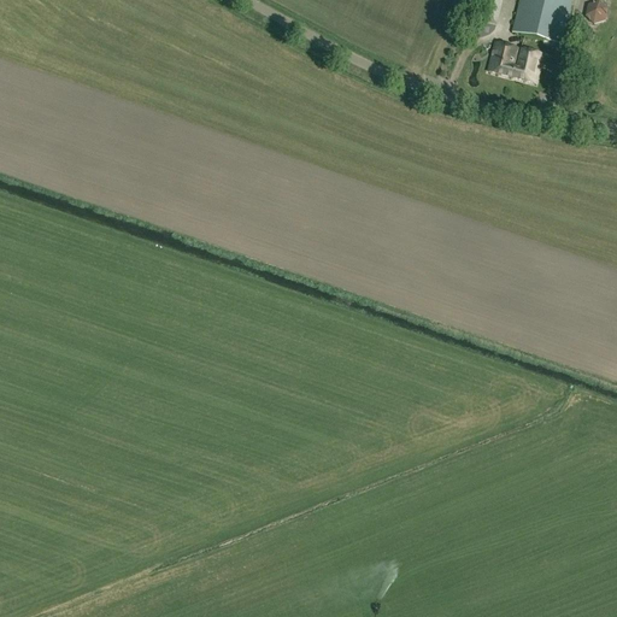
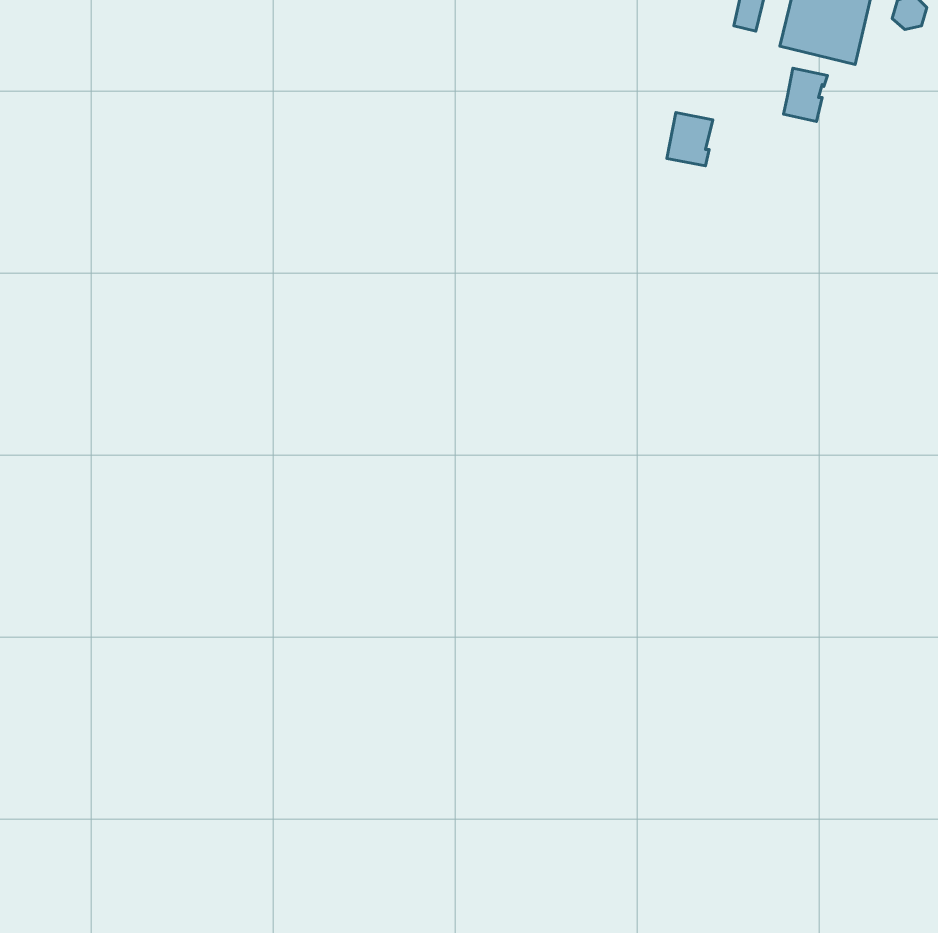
building: [488,40,518,75] -> [667,113,713,166]

